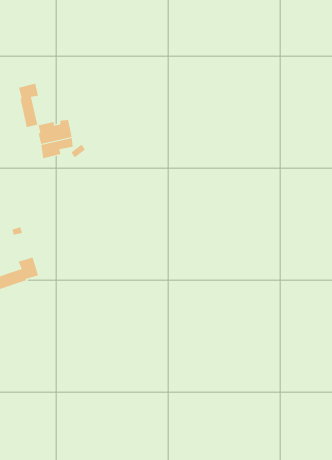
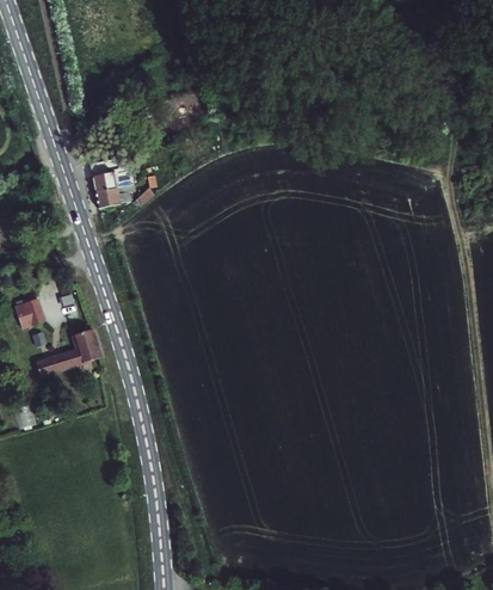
building: [18,83,39,128] -> none

